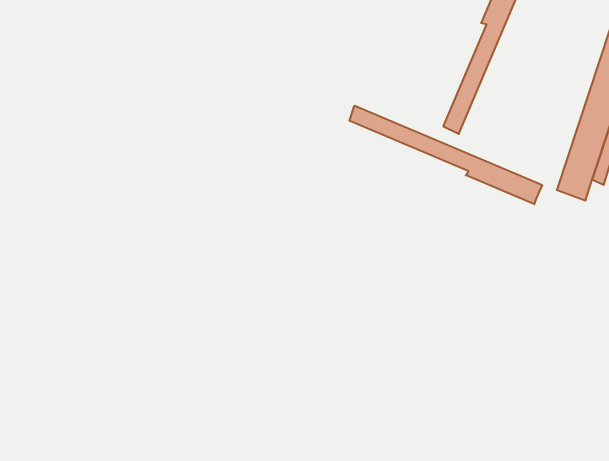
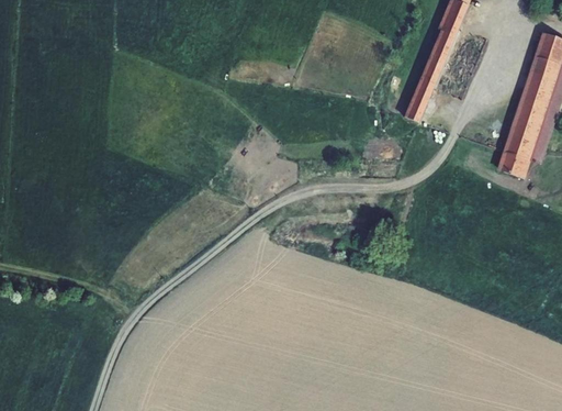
building: [350,106,542,204] -> none

